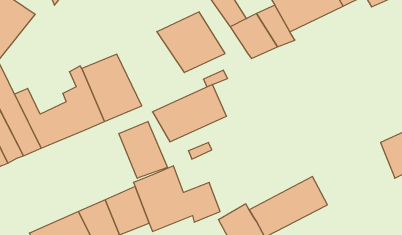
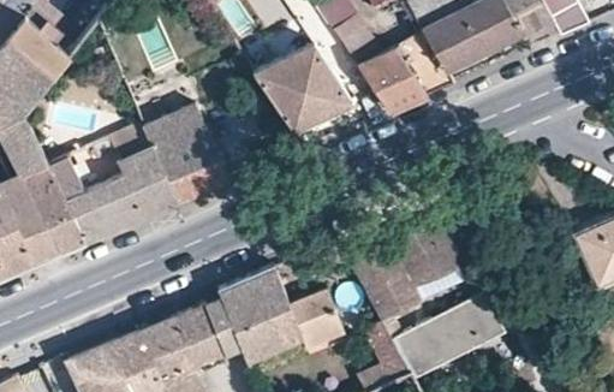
building: [152,84,227,142] -> [351,228,458,311]
building: [119,121,168,178] -> none

